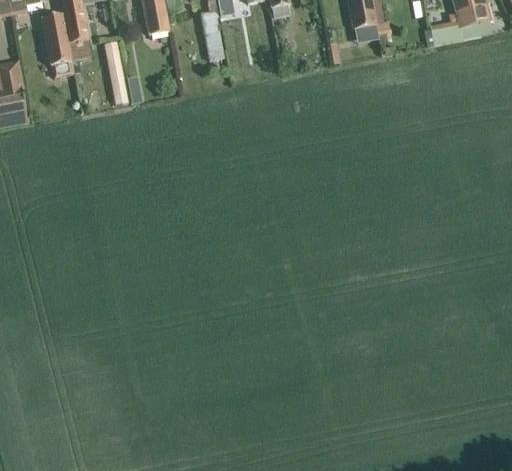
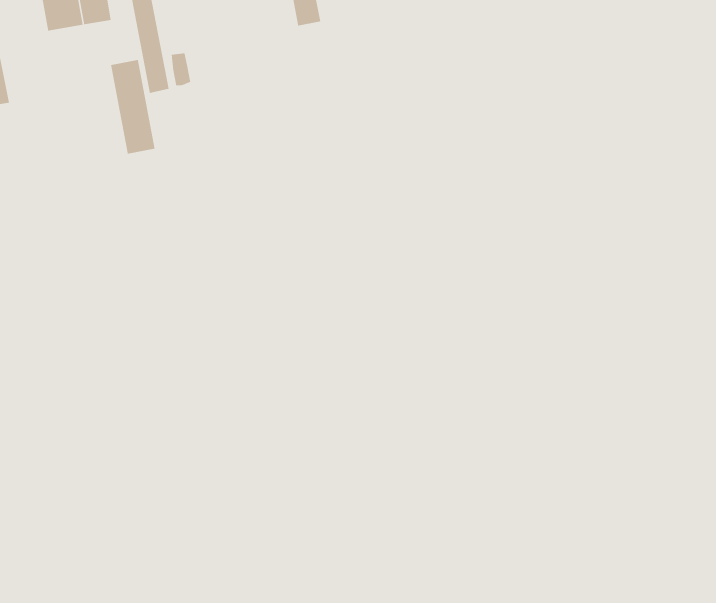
building: none -> [111,59,155,154]

